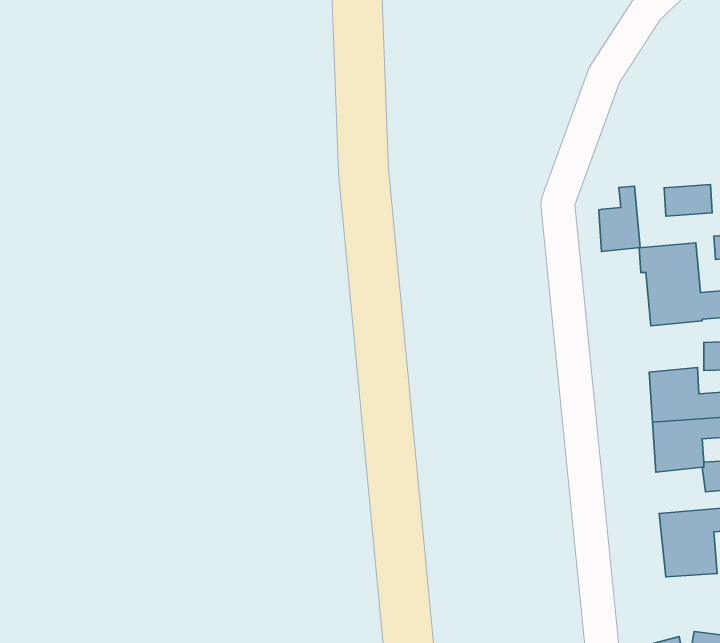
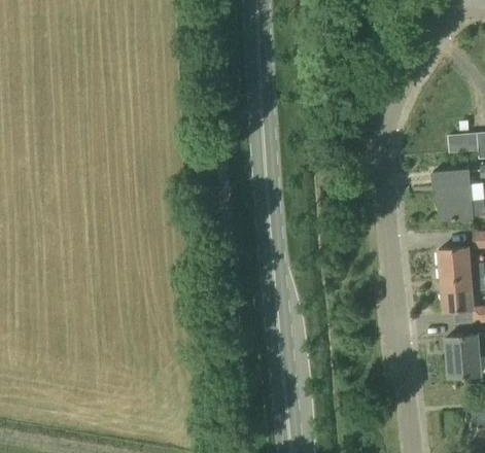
building: [599,186,640,251] -> none

